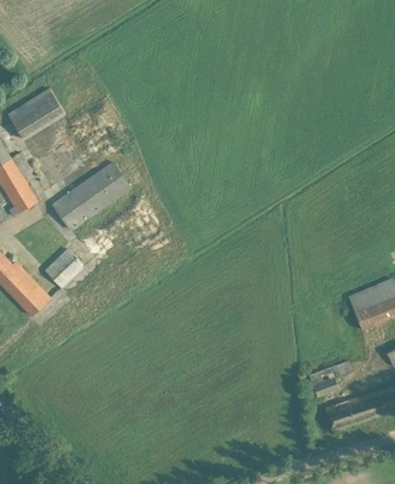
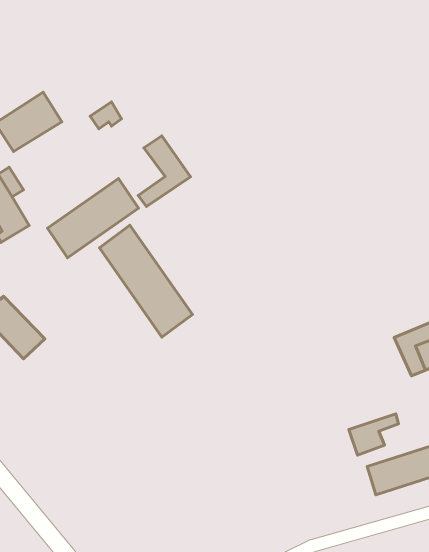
building: none -> [138,136,190,207]
building: none -> [99,225,192,337]
building: [45,249,83,287] -> none

